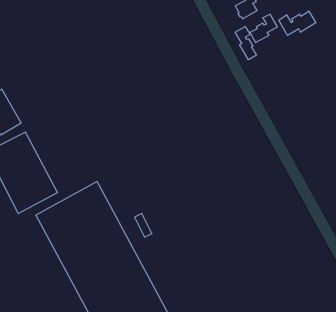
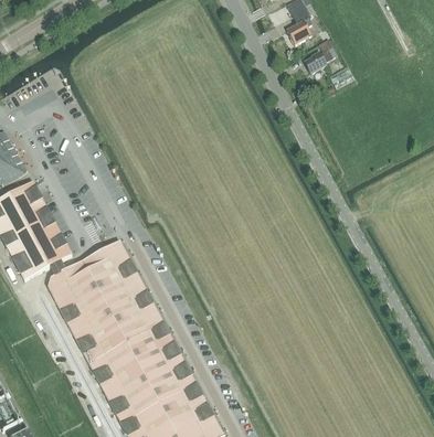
building: [279,11,316,35] -> none
building: [235,26,256,60] -> none

